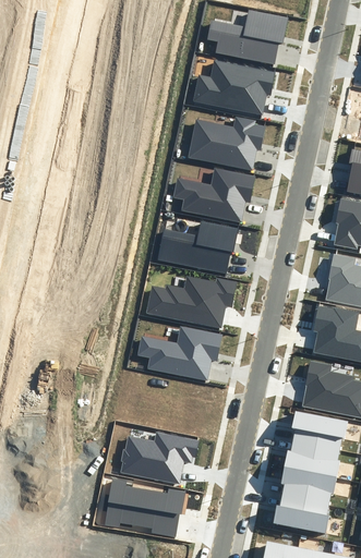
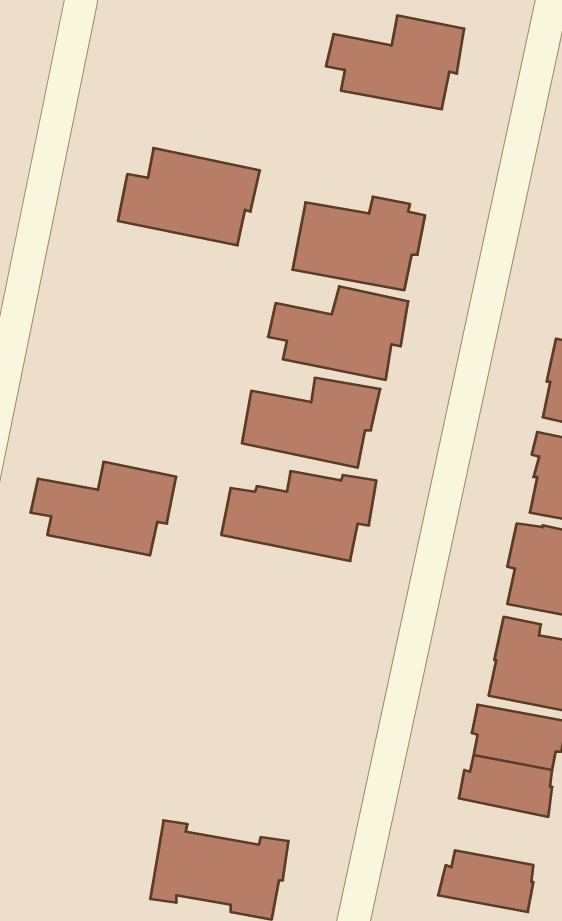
building: [192,59,275,116] -> [118,148,260,245]
building: [136,326,221,380] -> [30,462,176,555]
building: [119,433,197,485] -> none
building: [280,466,336,506] -> none

